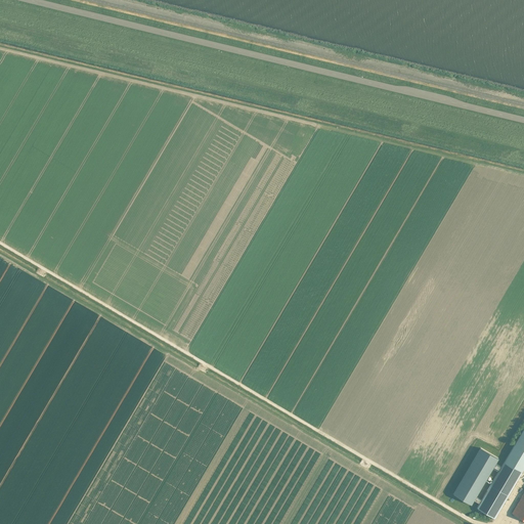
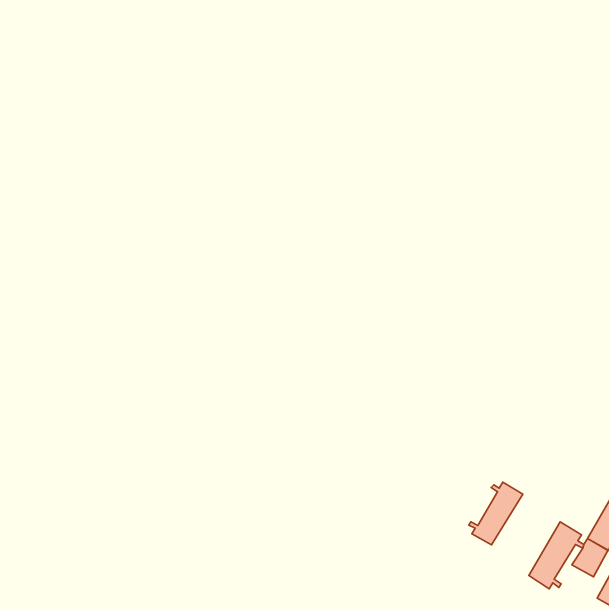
building: none -> [469,482,523,545]
building: [478,485,510,519] -> none

